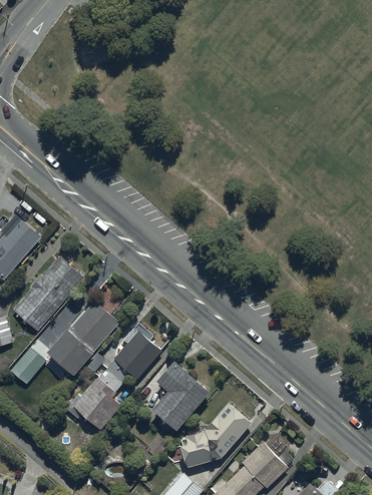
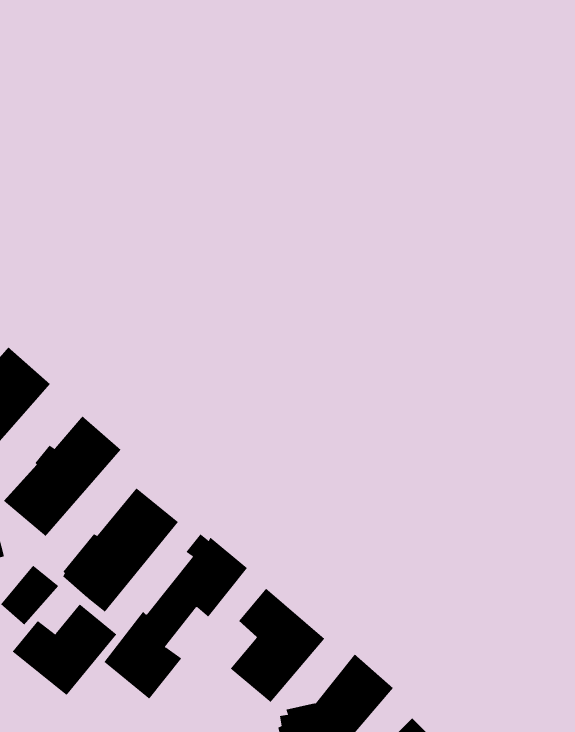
building: none -> [12,604,117,696]

